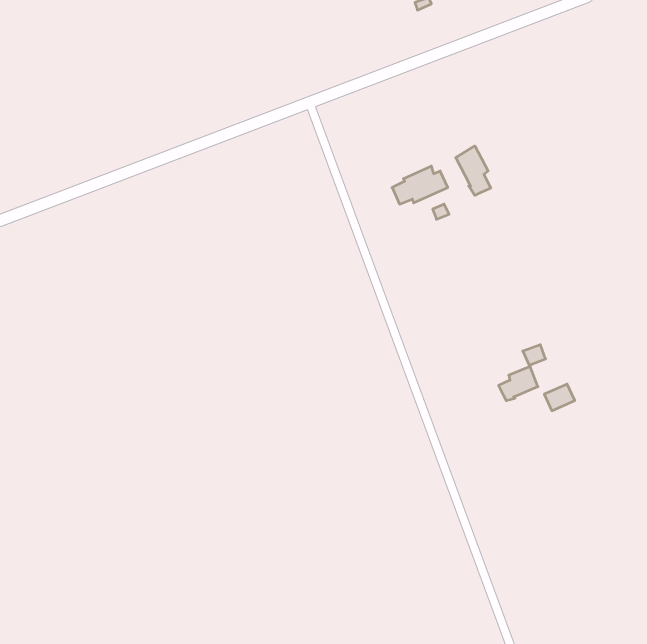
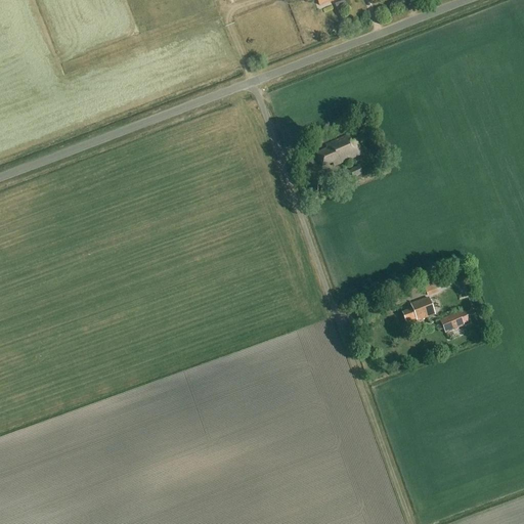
building: [456,146,491,195] -> none

